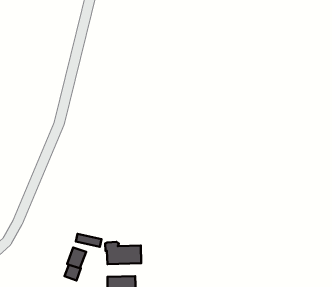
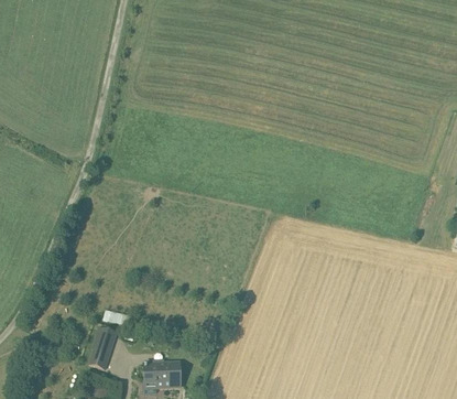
building: [105,242,141,264] -> none

